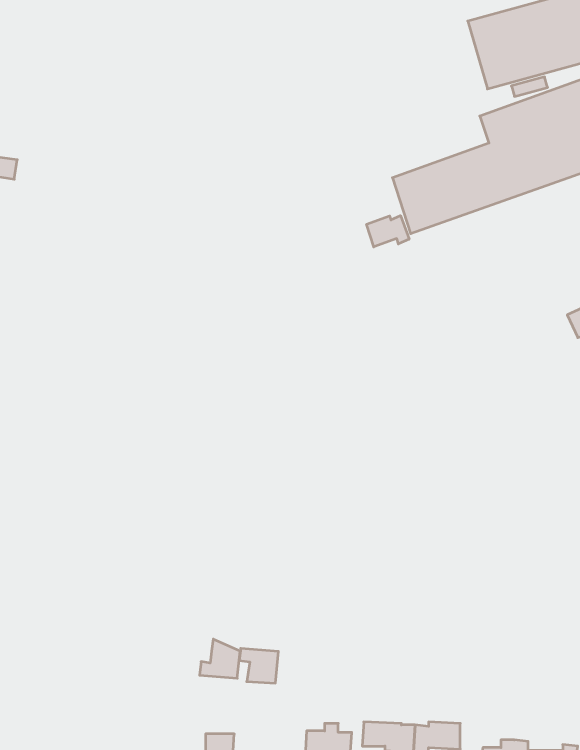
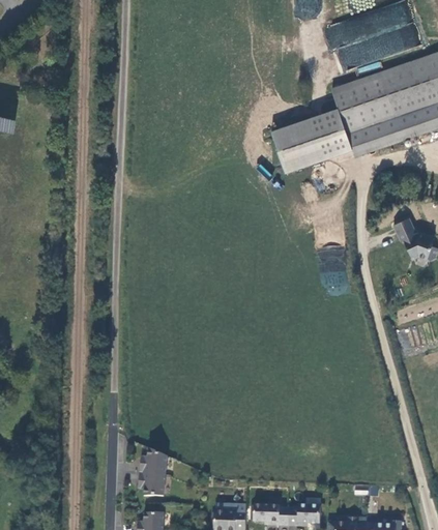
building: [367,216,409,247] -> none
building: [239,648,278,683] -> [139,474,166,498]

